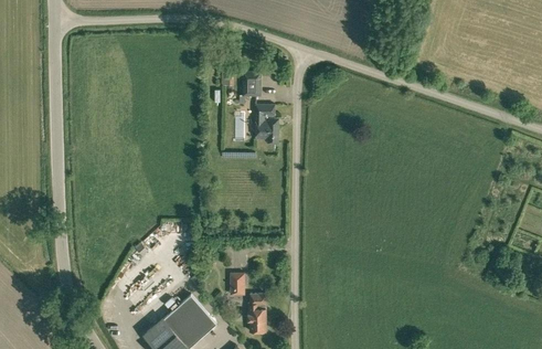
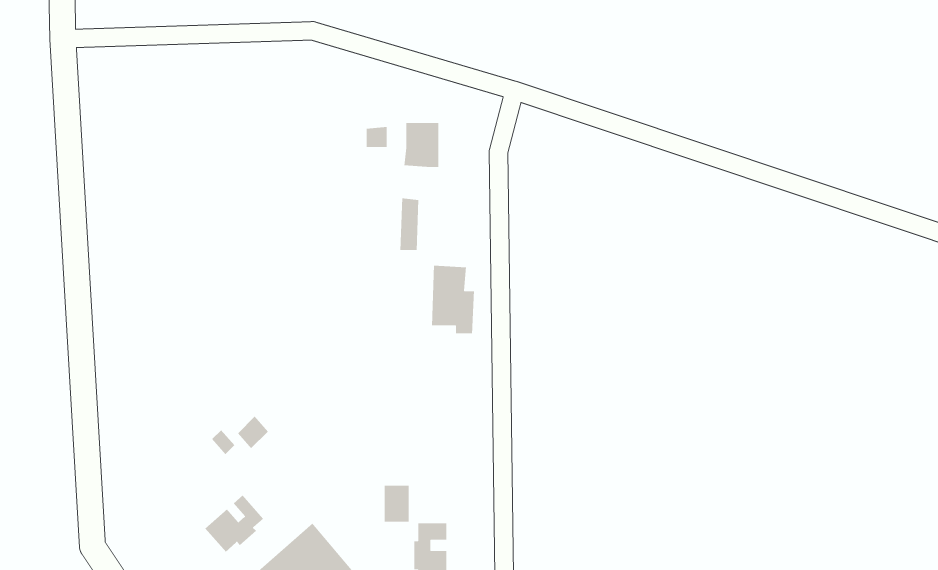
building: [254,105,278,144] -> [431,265,475,334]
building: none -> [204,495,264,553]

